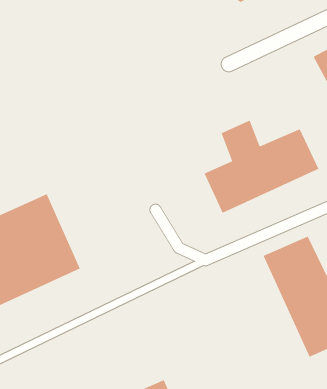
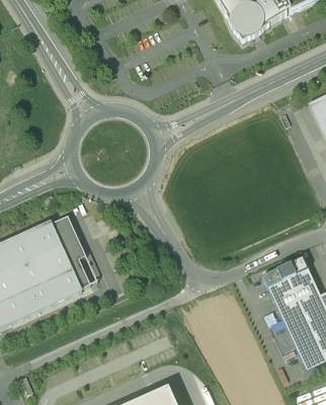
building: [203,119,320,214] -> none

